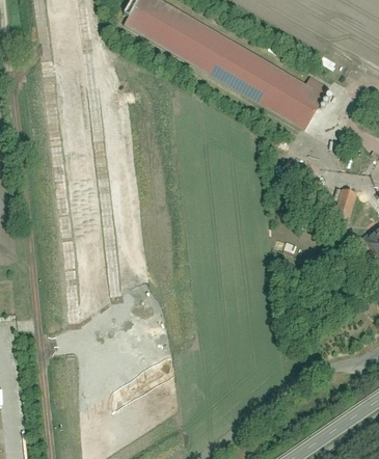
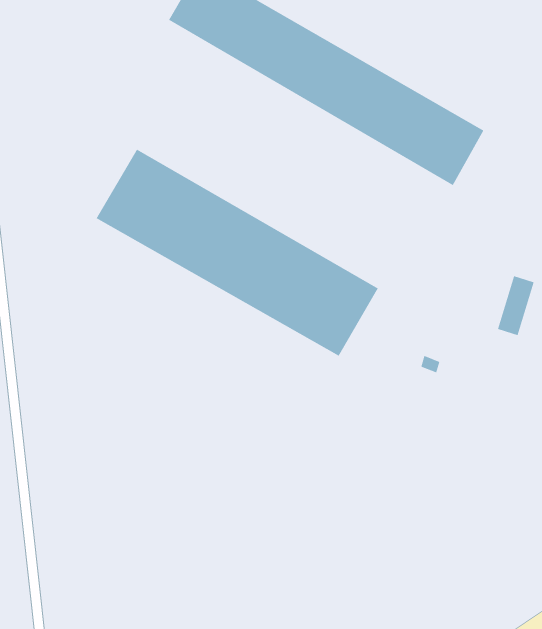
building: none -> [96,149,378,357]

